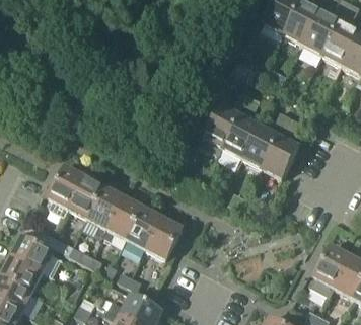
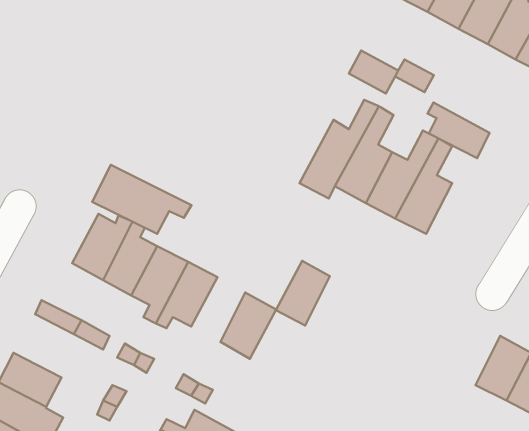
building: none -> [428,103,489,158]
building: none -> [92,165,191,234]
building: [127,208,162,250] -> [276,261,330,326]
building: [10,238,62,278] -> none

